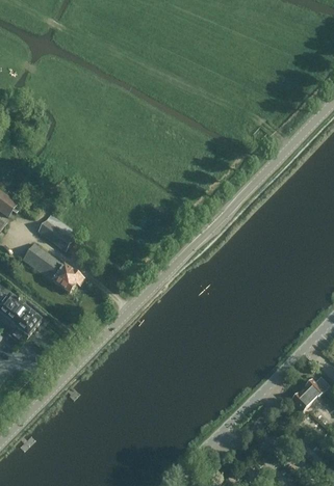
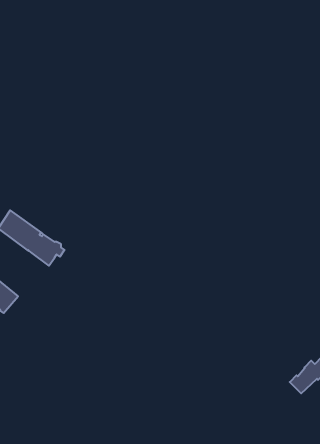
building: [36,214,73,251] -> none

